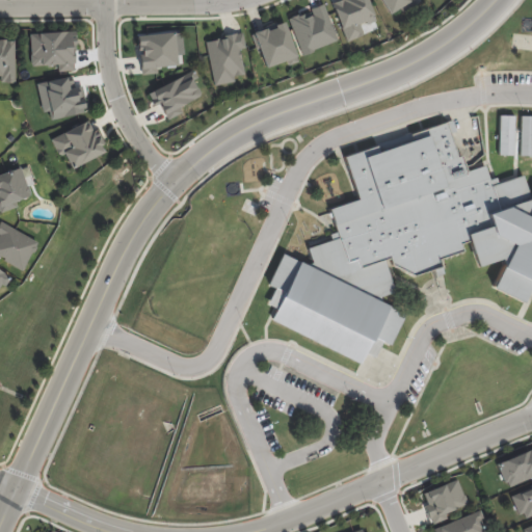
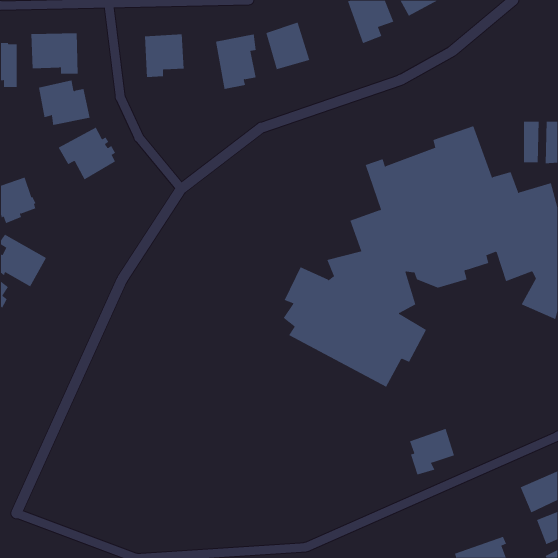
building: [288,5,336,53] -> none
building: [147,73,202,119] -> none
building: [422,479,466,524] -> [409,428,455,475]

